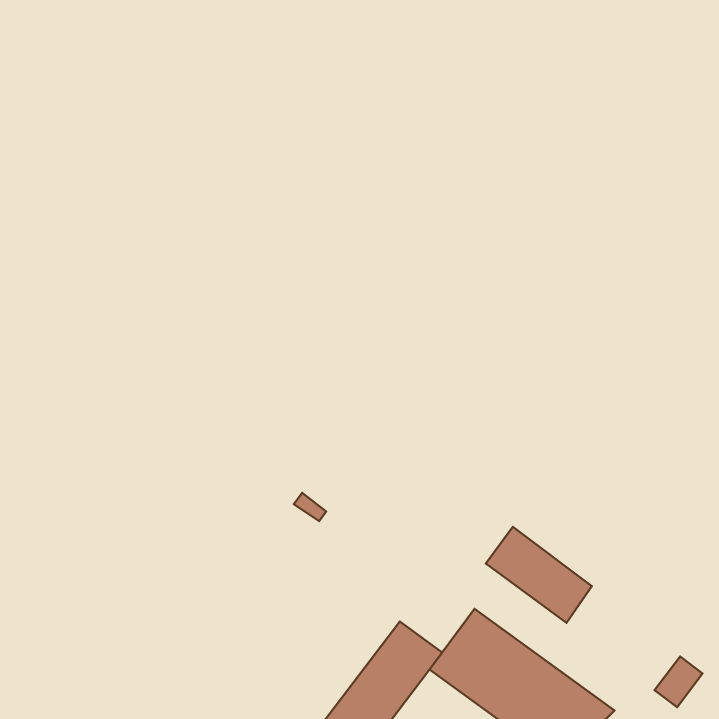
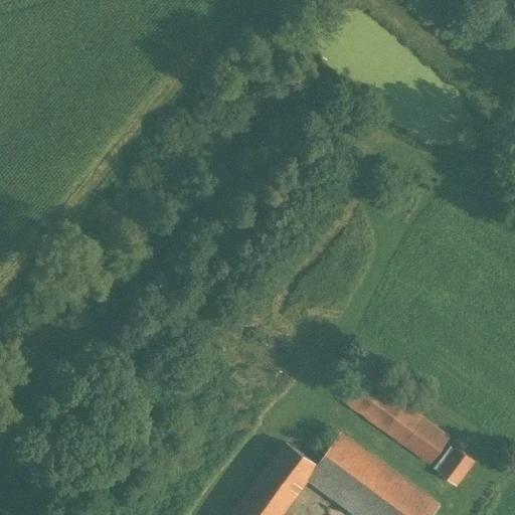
building: none -> [405,419,450,464]
building: [655,656,703,707] -> [440,450,474,486]

